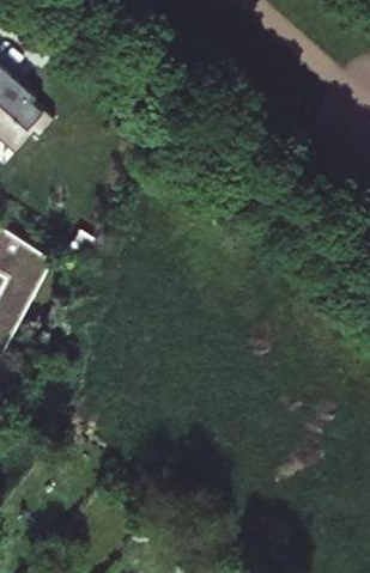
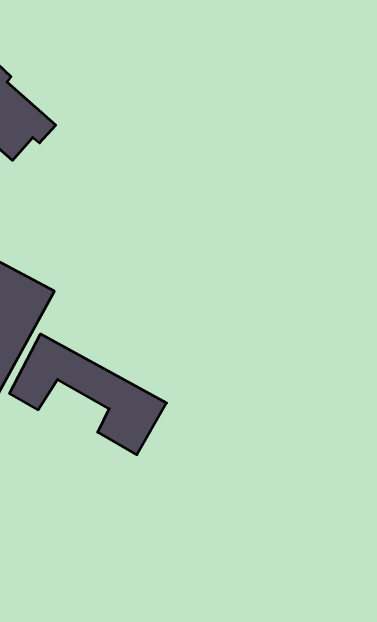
building: none -> [10,334,167,455]

